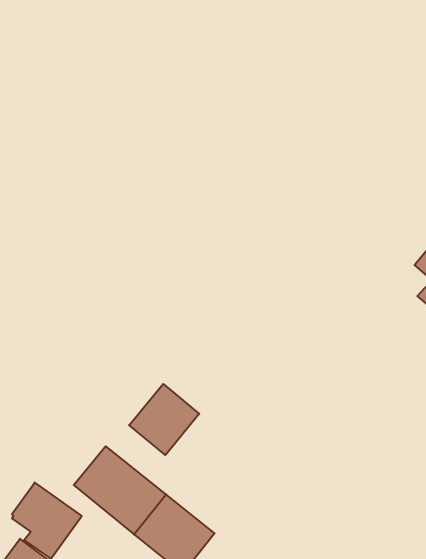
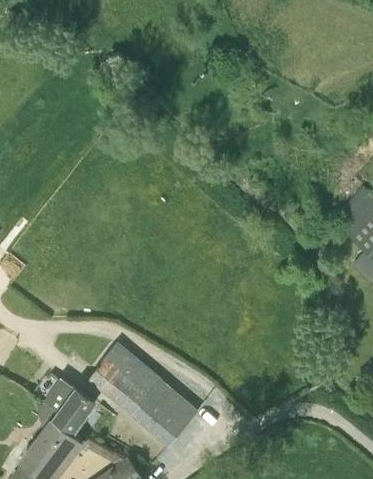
building: [129,384,199,455] -> none

